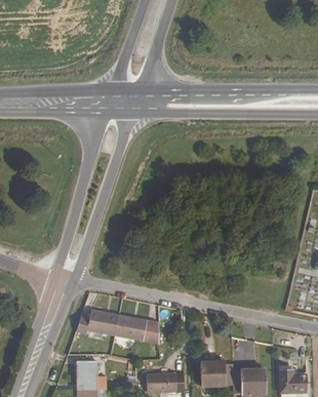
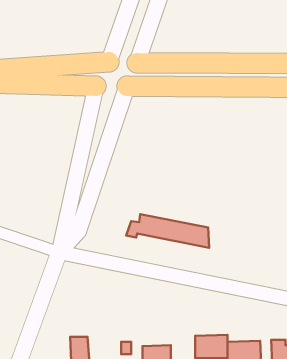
building: [75,311,159,345] -> [126,214,209,248]

